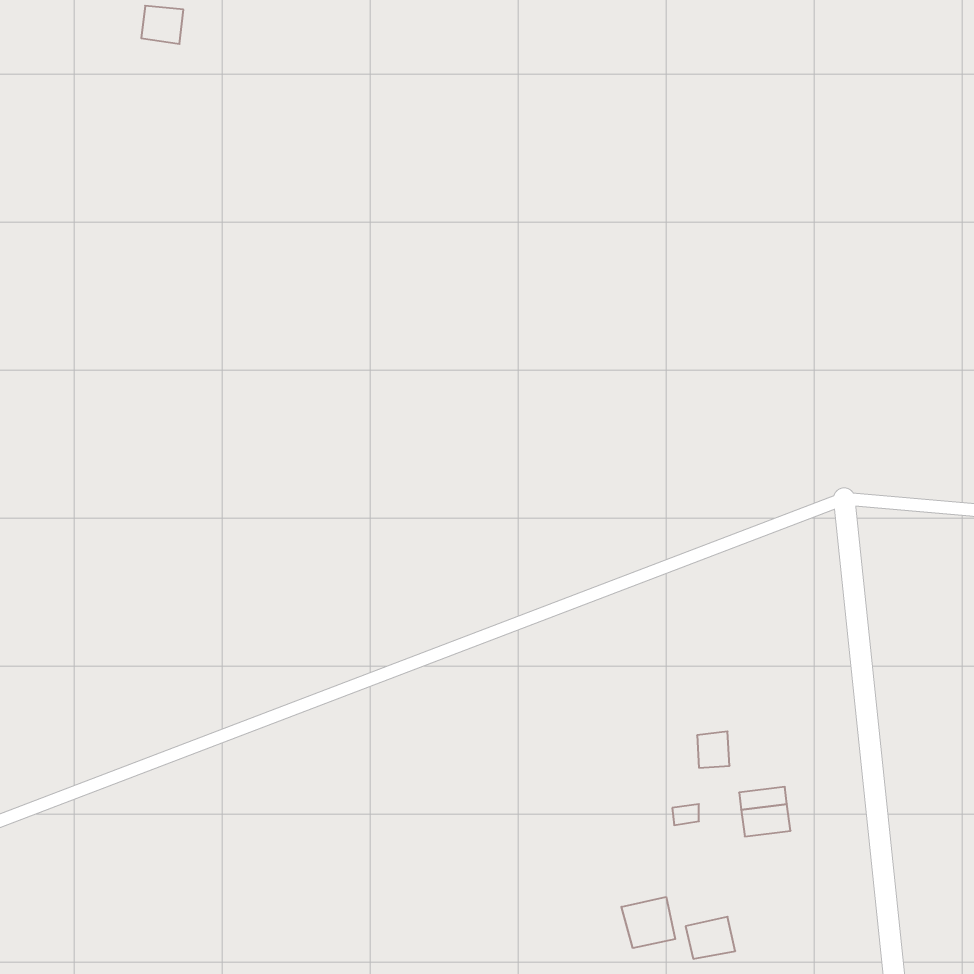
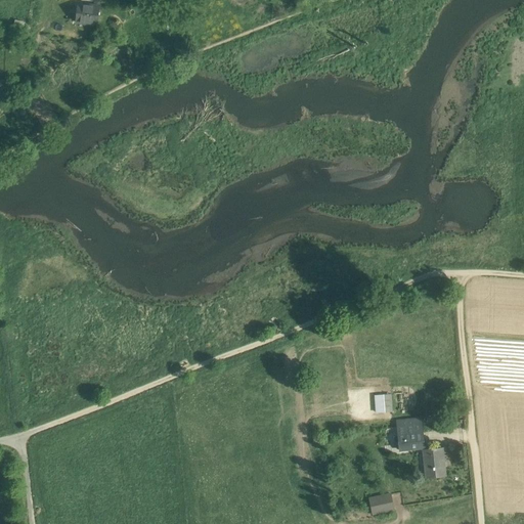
building: none -> [419,446,444,477]
building: [621,897,675,948] -> none

